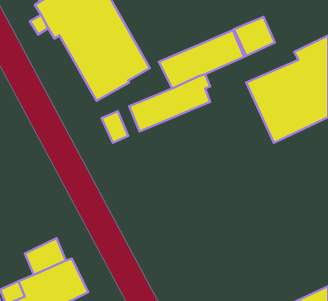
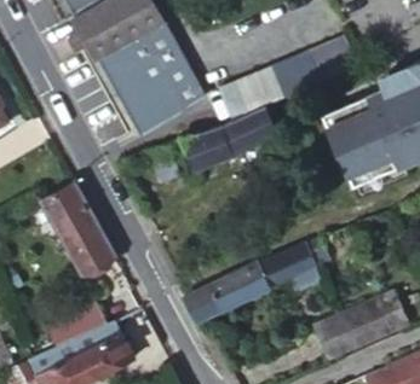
building: none -> [42,182,115,275]
building: none -> [182,225,362,321]
building: none -> [315,290,408,359]

